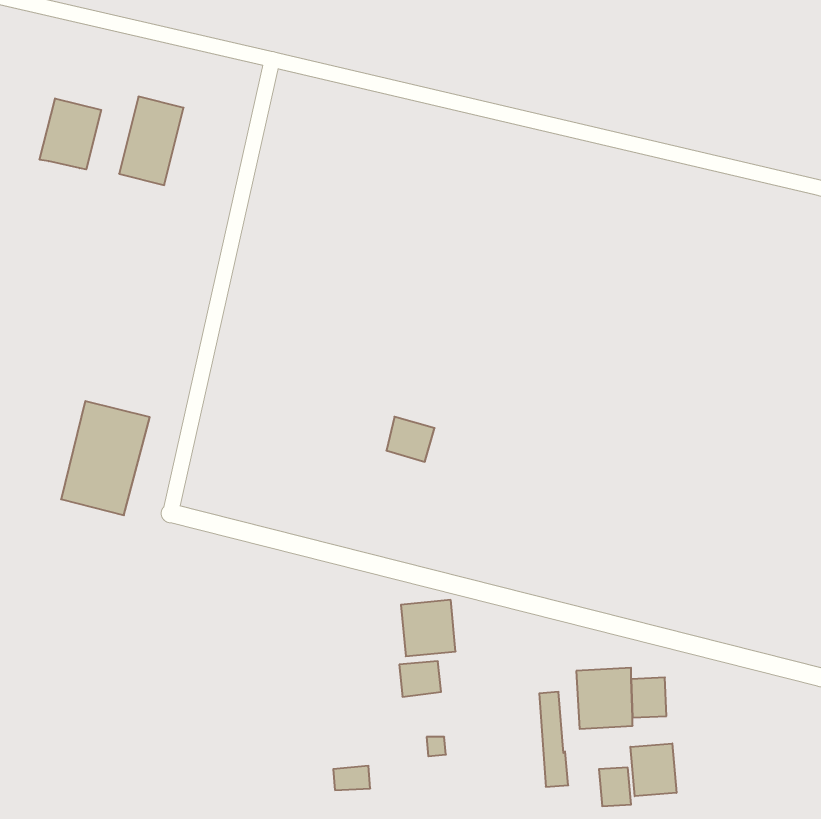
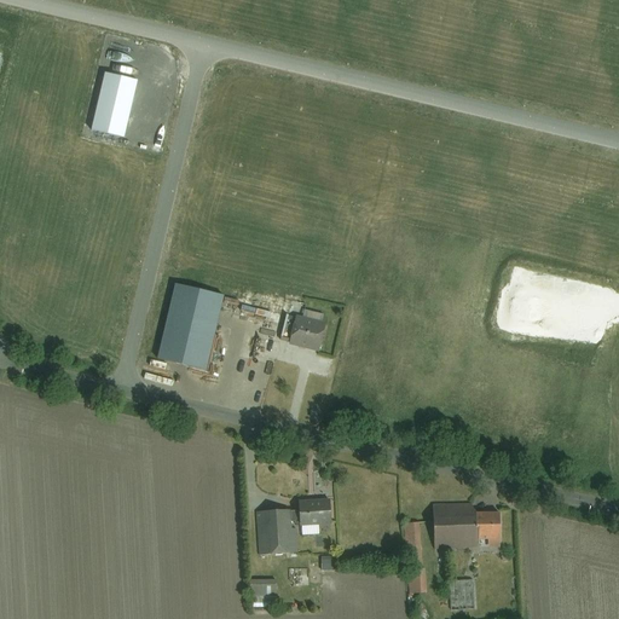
building: [40,98,101,169] -> none
building: [61,401,150,515] -> [155,283,221,369]
building: [401,600,456,656] -> [256,507,297,549]
building: [630,743,676,796] -> none

